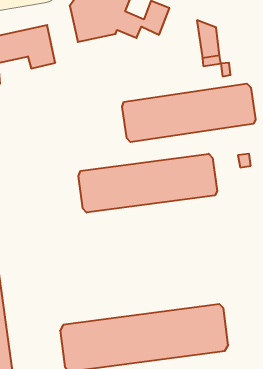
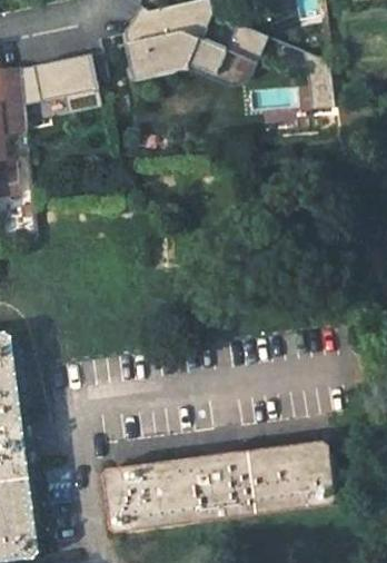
building: [122,84,256,142] -> none
building: [78,154,217,213] -> none

